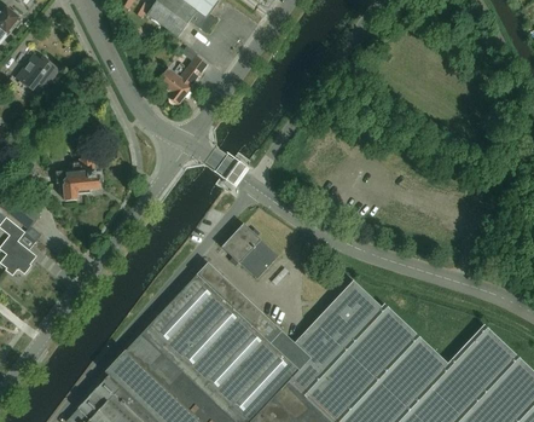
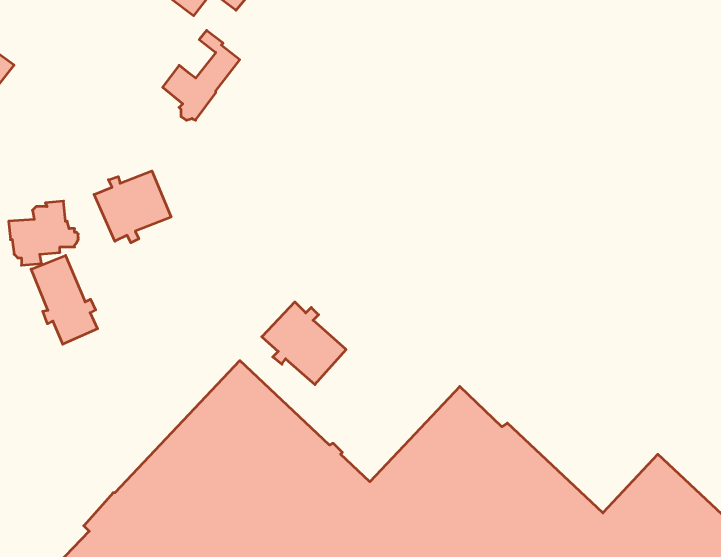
building: none -> [94,171,171,243]
building: none -> [31,255,98,344]

